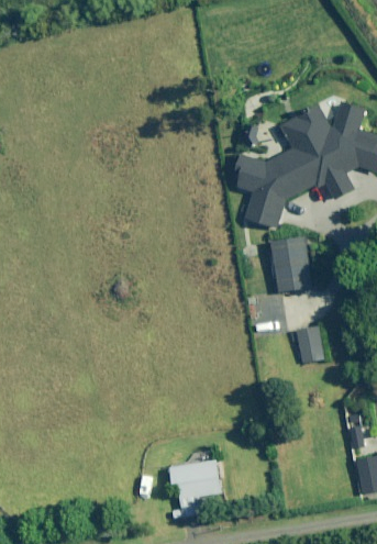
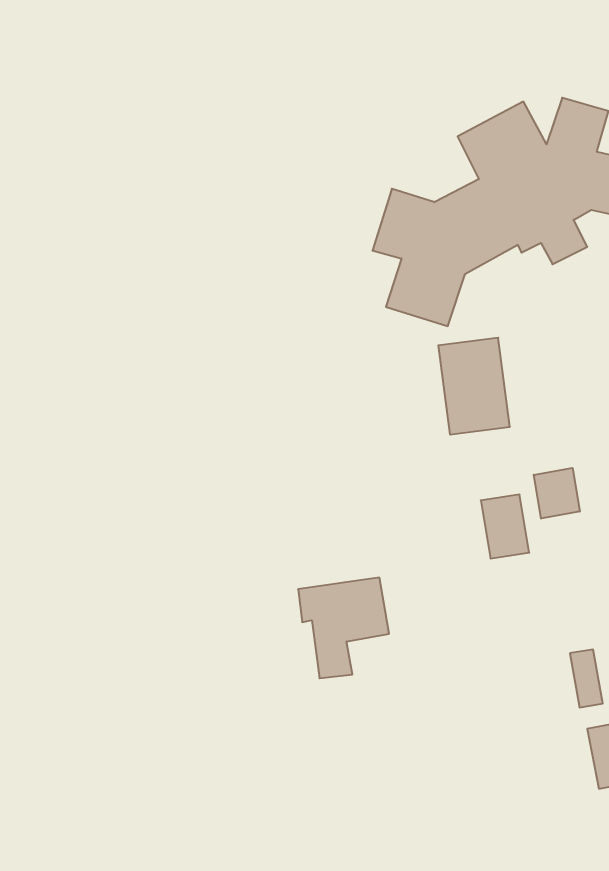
building: none -> [534,468,580,519]
building: [169,460,221,518] -> [298,578,389,678]

